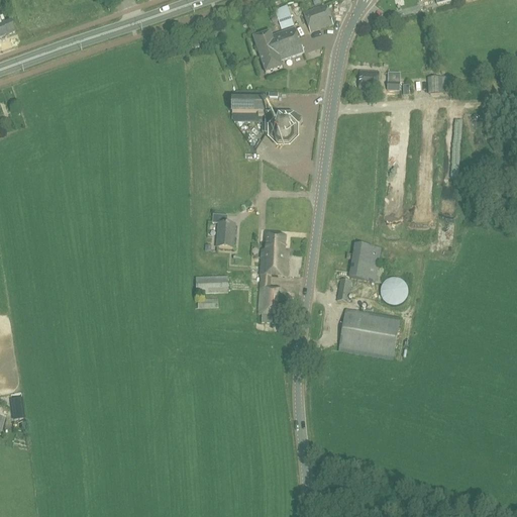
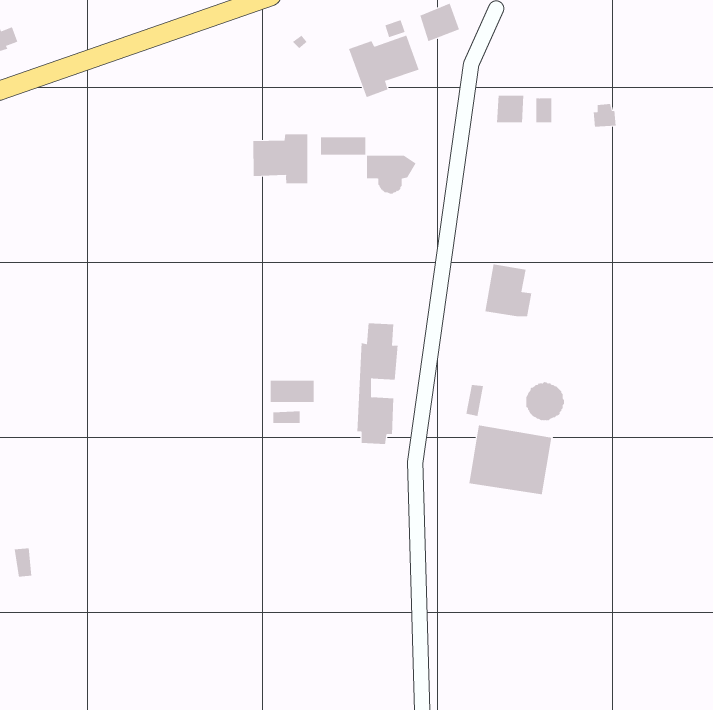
building: none -> [253,133,308,184]
building: [211,212,234,246] -> none
building: [349,242,384,281] -> [485,264,532,317]

